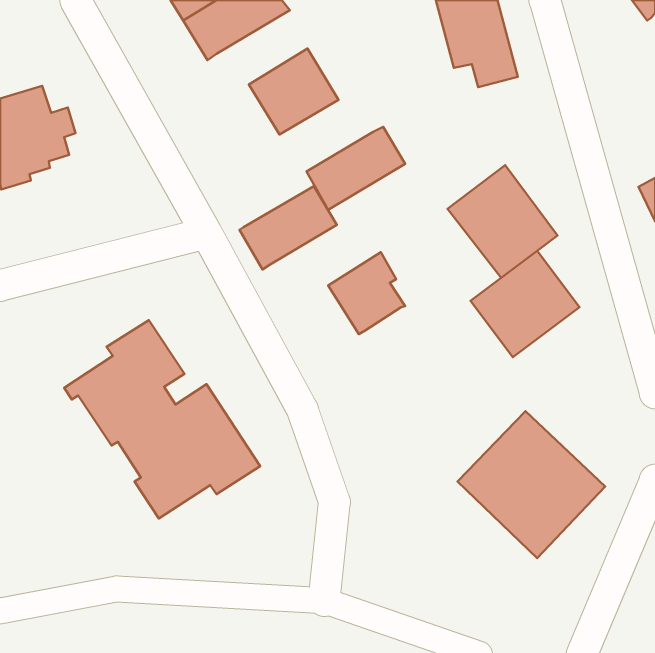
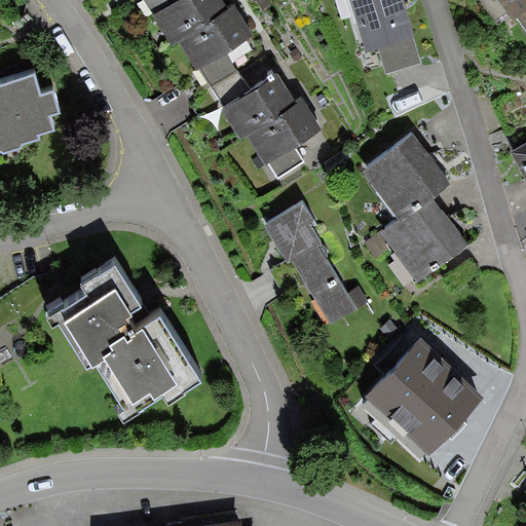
building: none -> [174,6,255,74]
building: [240,186,337,269] -> [221,76,299,143]
building: none -> [293,248,361,329]

